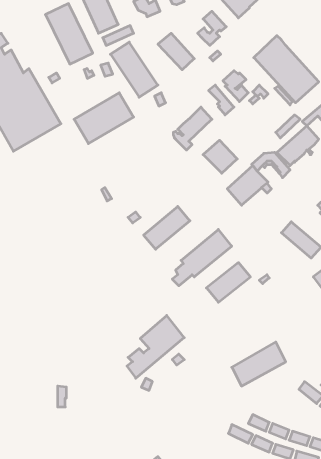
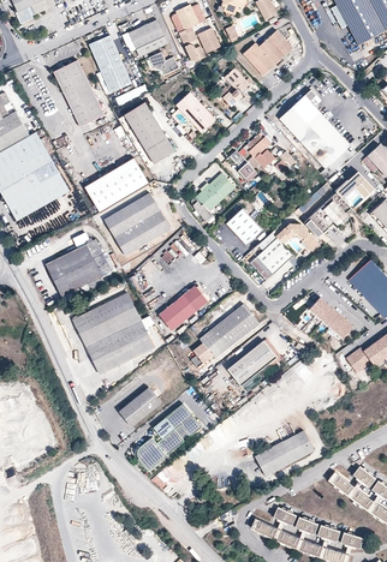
building: none -> [103,193,169,256]
building: none -> [44,239,111,303]
building: none -> [72,292,154,376]
building: none -> [118,387,161,426]

